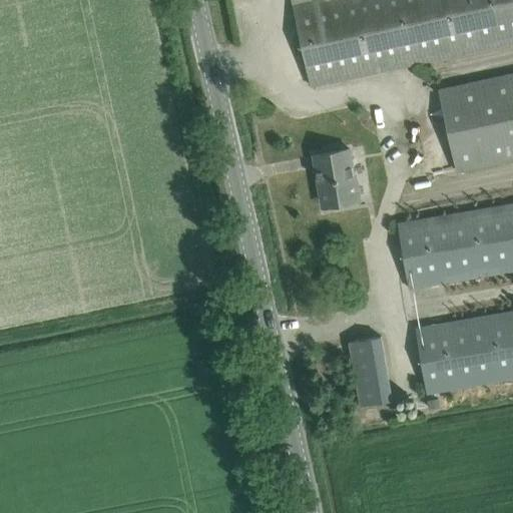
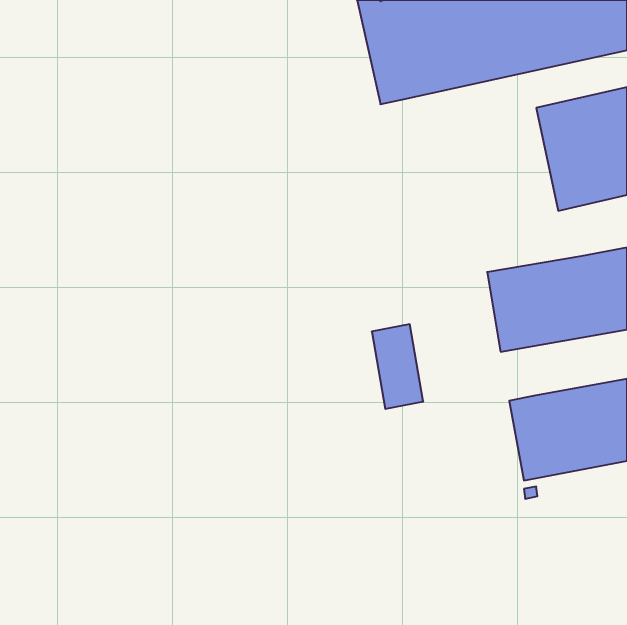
building: [314,149,357,206] -> none
building: [350,337,392,406] -> [372,324,423,409]

